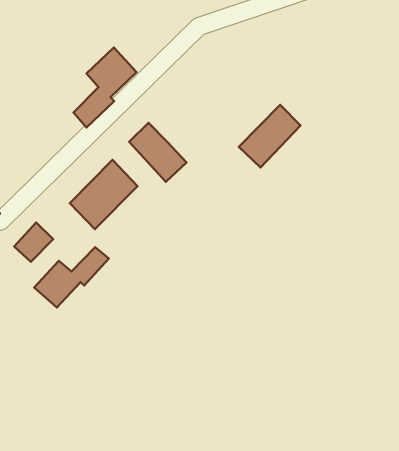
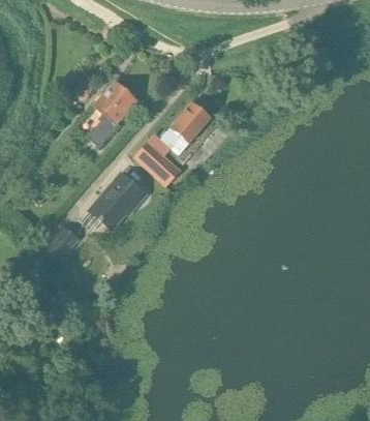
building: [239,105,300,167] -> [160,103,209,155]
building: [34,247,109,308] -> none

